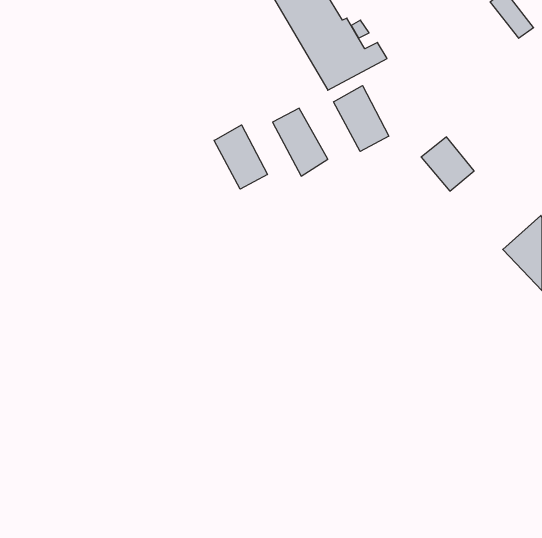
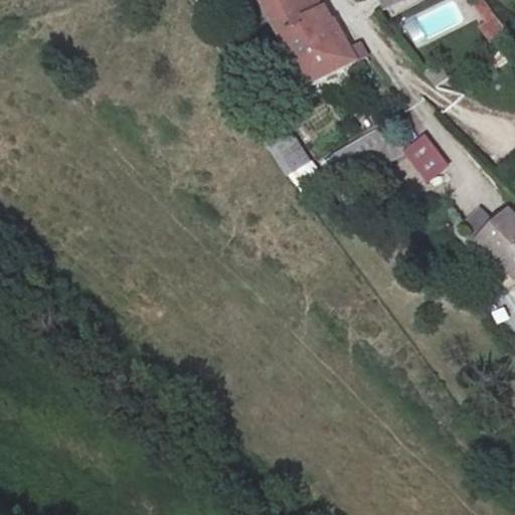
building: [334,86,389,151] -> none
building: [214,125,267,189] -> none

